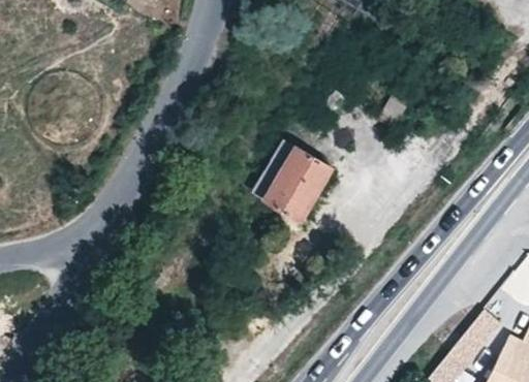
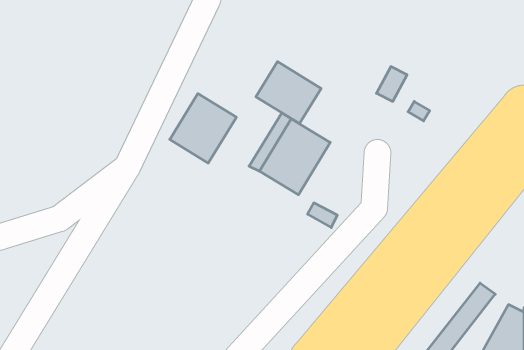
building: none -> [256,62,321,123]
building: none -> [170,94,236,163]

